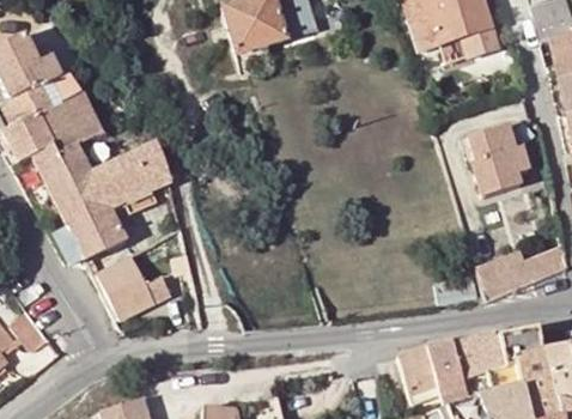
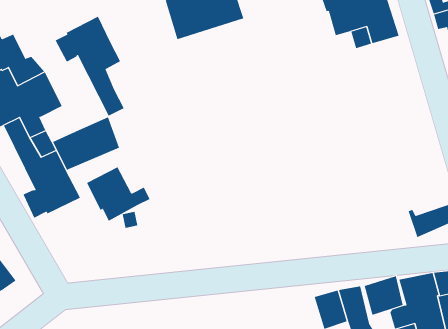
building: none -> [55,16,124,116]
building: [467,123,531,195] -> none
building: [479,254,521,299] -> none
building: [96,255,171,320] -> [86,167,150,222]

